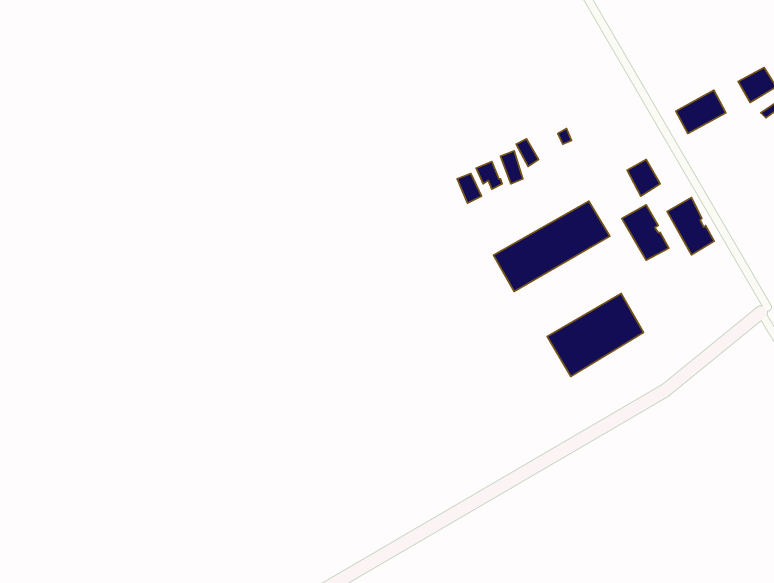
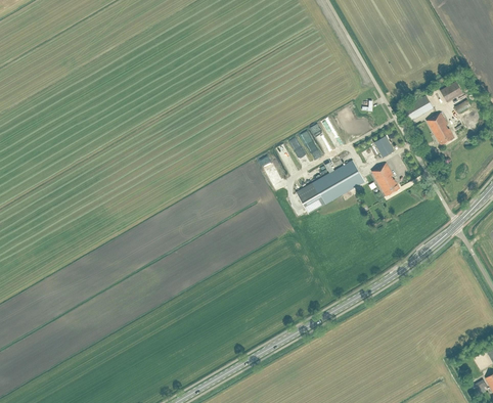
building: [667,198,714,255] -> [427,111,454,145]
building: [547,293,643,377] -> none

